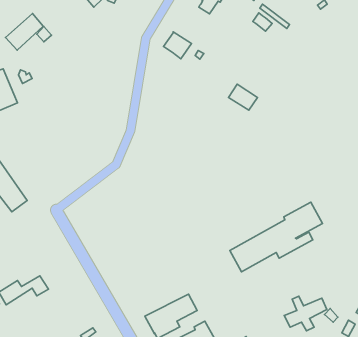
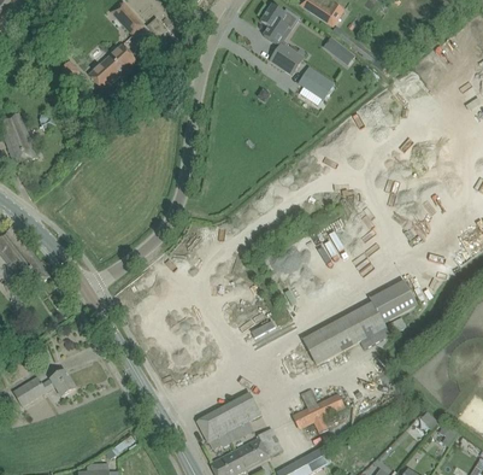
building: [5,13,43,50] -> [88,43,135,89]
building: [163,32,191,59] -> [269,40,304,74]
building: [228,84,257,110] -> [298,65,334,98]
building: [284,296,327,331] -> [290,388,343,432]

